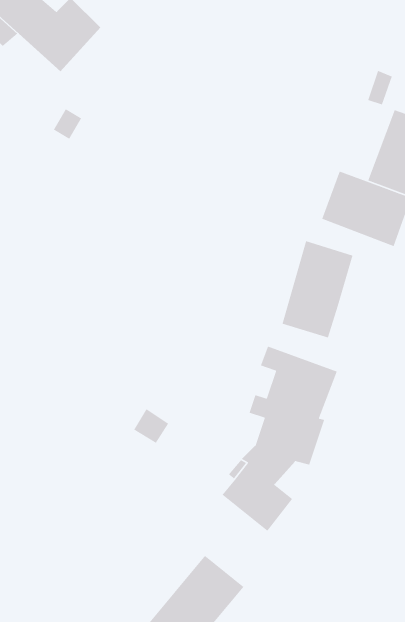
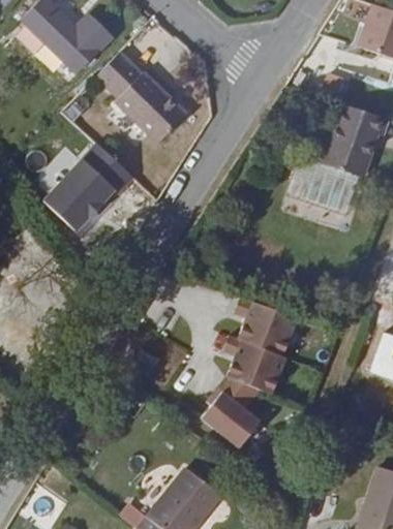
building: none -> [92,53,183,142]
building: none -> [40,143,129,228]
building: [281,240,354,338] -> none

